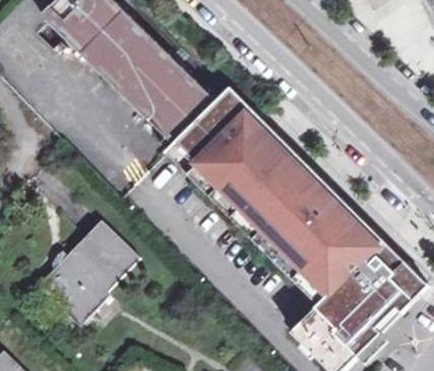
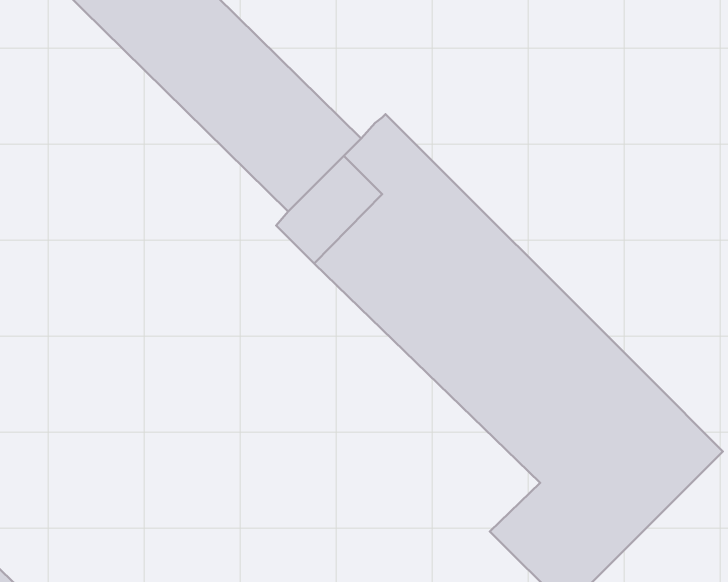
building: [39,220,140,322] -> none

